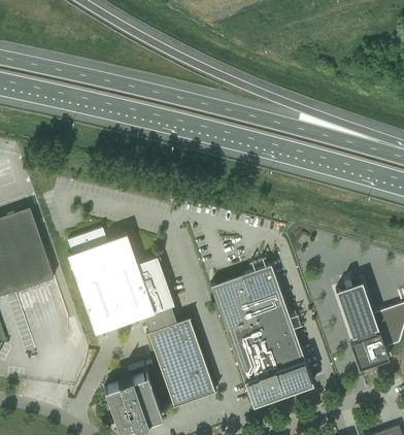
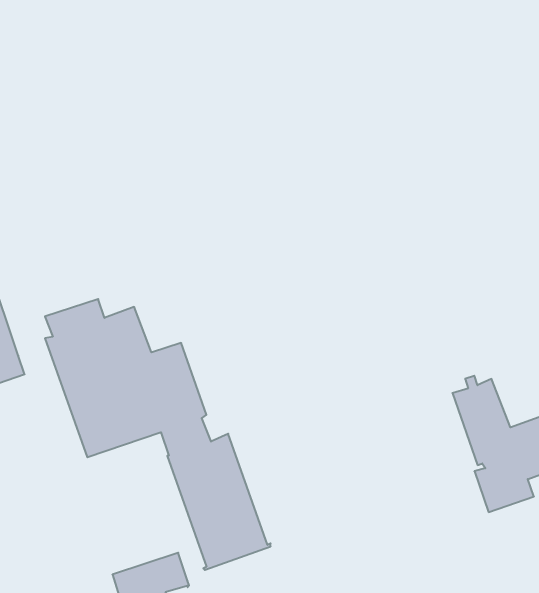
building: [211,265,313,406] -> none
building: [103,374,155,410] -> none

